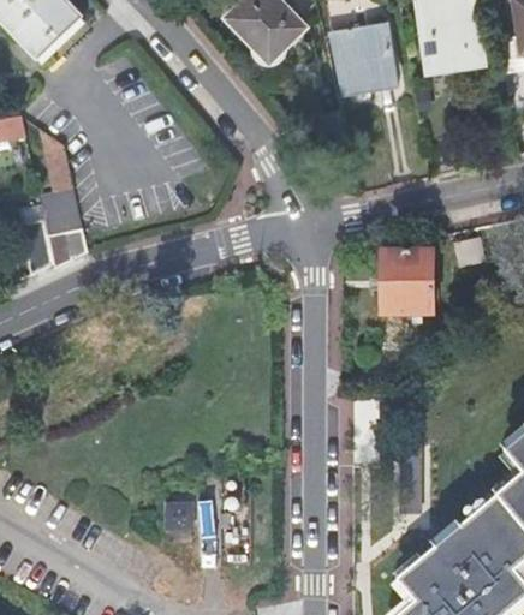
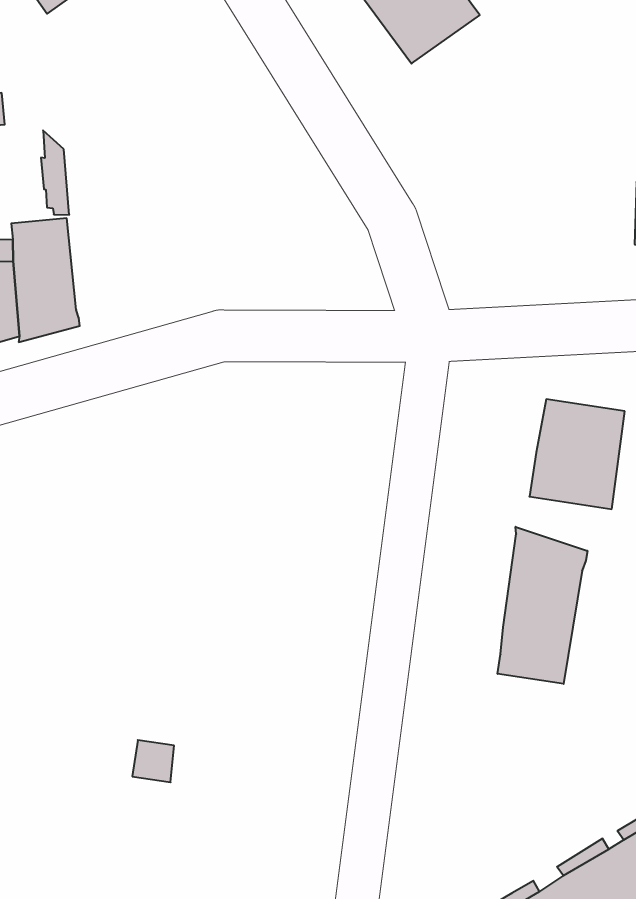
building: [331,24,394,88] -> none
building: none -> [498,527,587,684]

